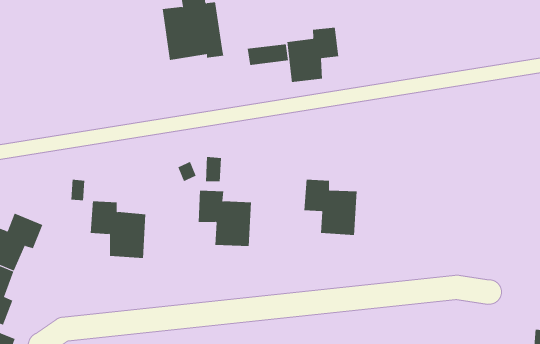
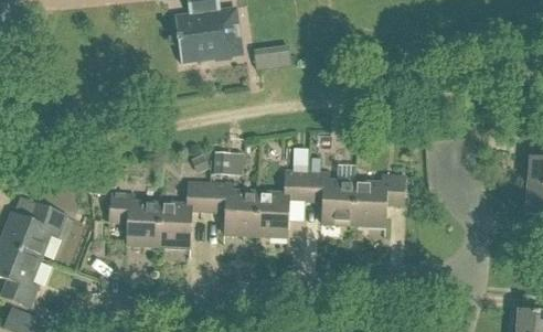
building: [287,27,339,83] -> none
building: none -> [255,171,307,236]
building: none -> [352,175,405,225]
building: none -> [158,181,209,246]

